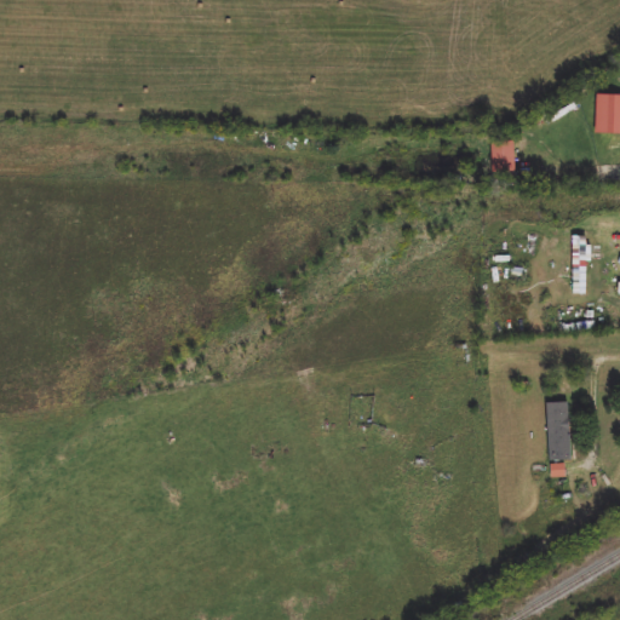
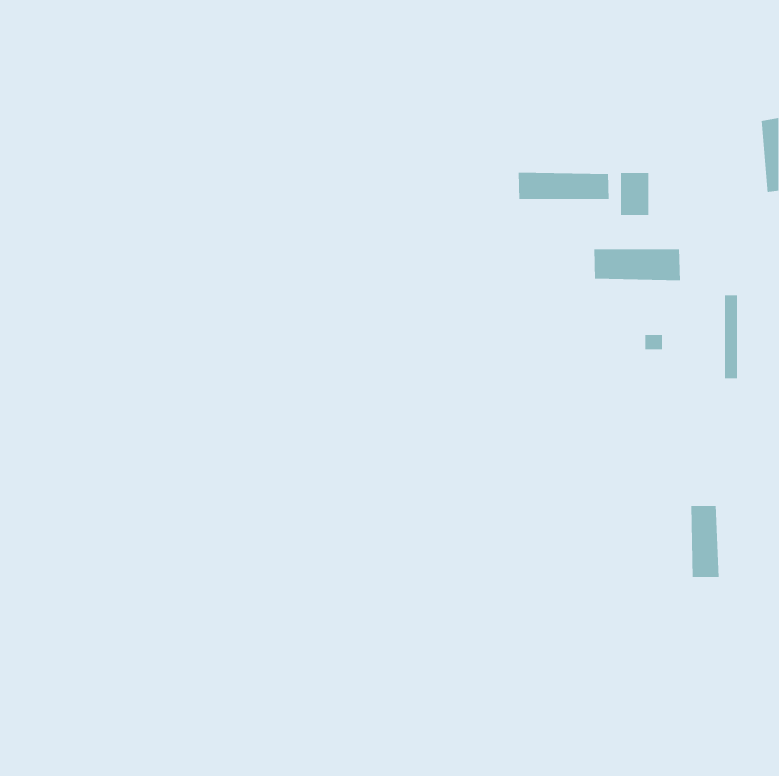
building: none -> [518,172,609,200]
building: none -> [594,248,680,281]

